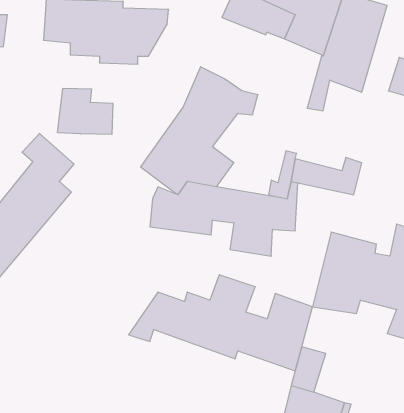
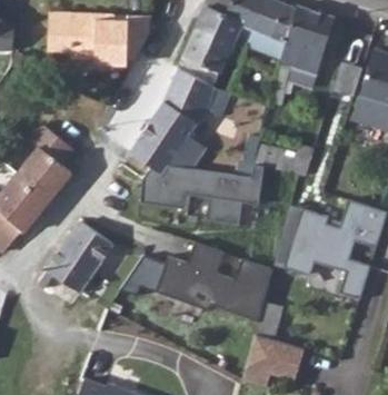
building: none -> [179,27,249,92]
building: [58,88,113,134] -> none
building: none -> [39,220,113,305]

